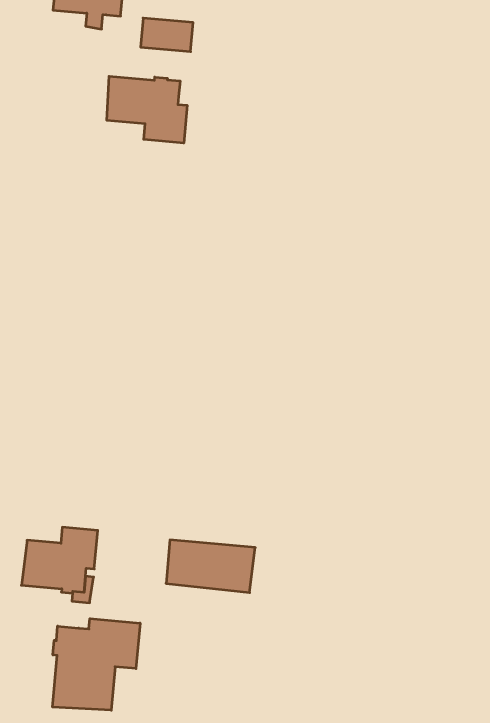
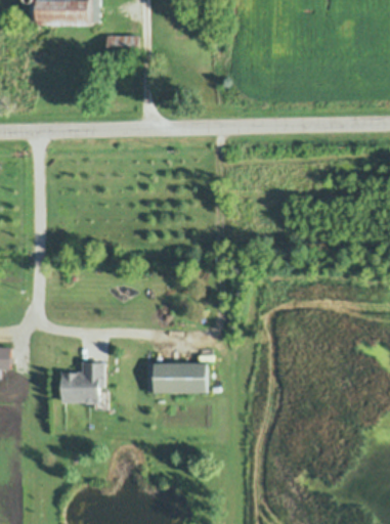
building: [107,76,187,143] -> none
building: [53,619,140,710] -> none

